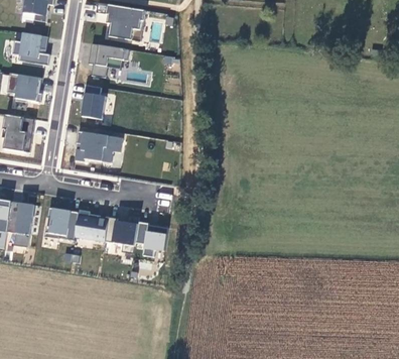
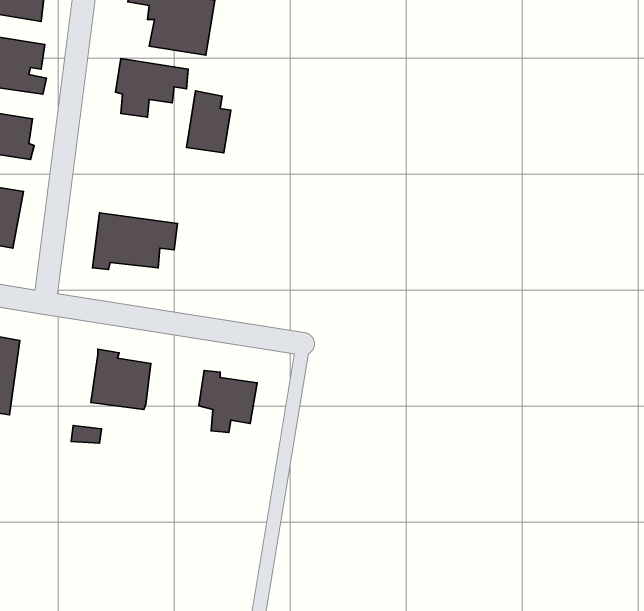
building: [81,84,106,119] -> [187,91,231,153]
building: [44,207,79,240] -> none
building: [106,216,139,252] -> none

